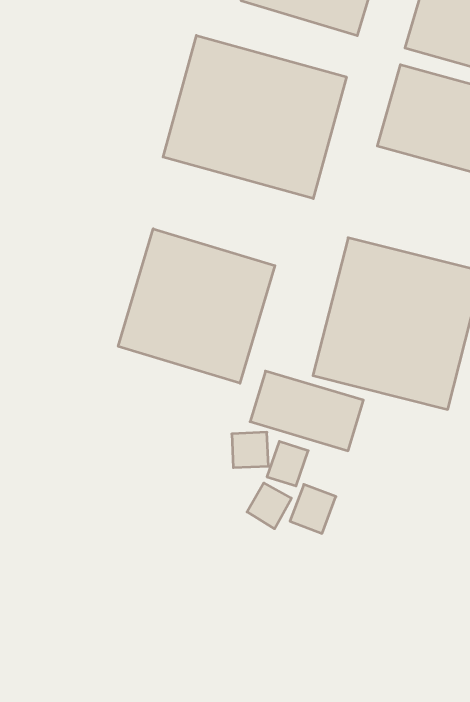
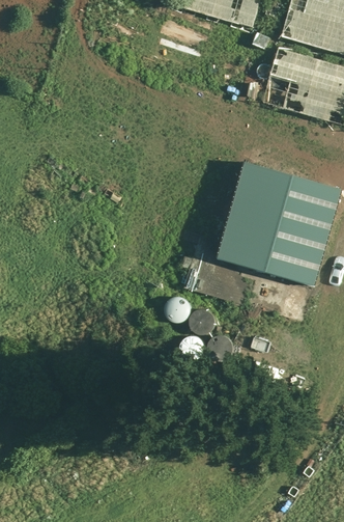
building: [163,35,346,199] -> none
building: [118,229,275,383] -> none

